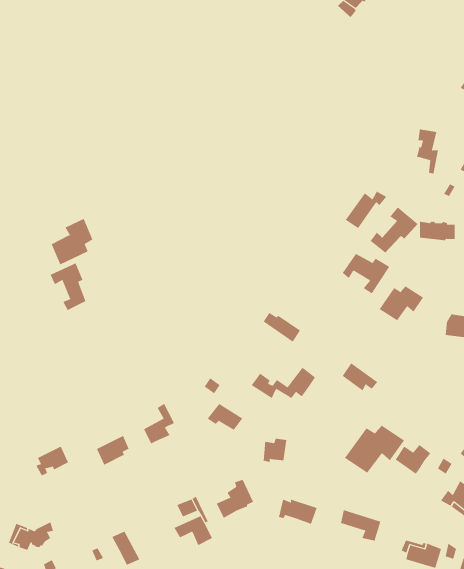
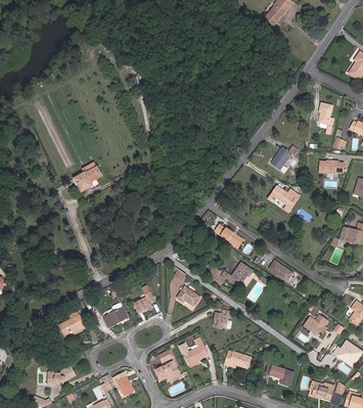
building: [370,207,418,253] -> none
building: [50,262,86,311] -> none
building: [379,286,424,321] -> none
building: [344,425,405,473] -> none

